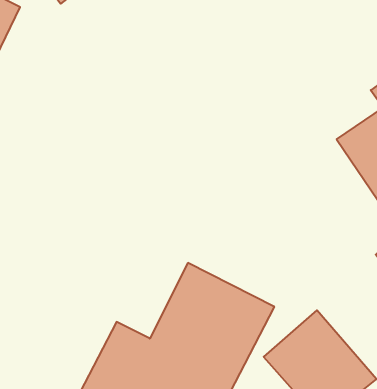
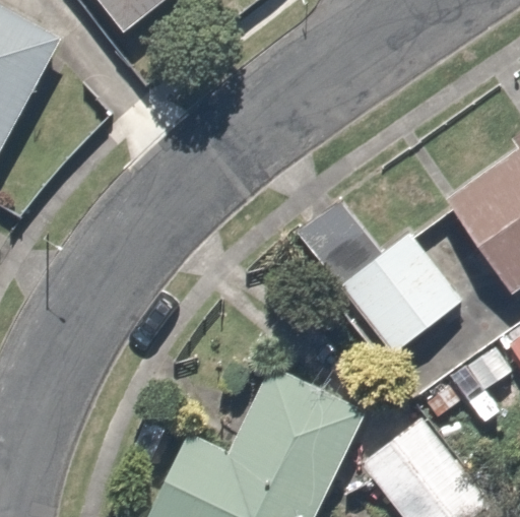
building: none -> [300,180,474,363]

